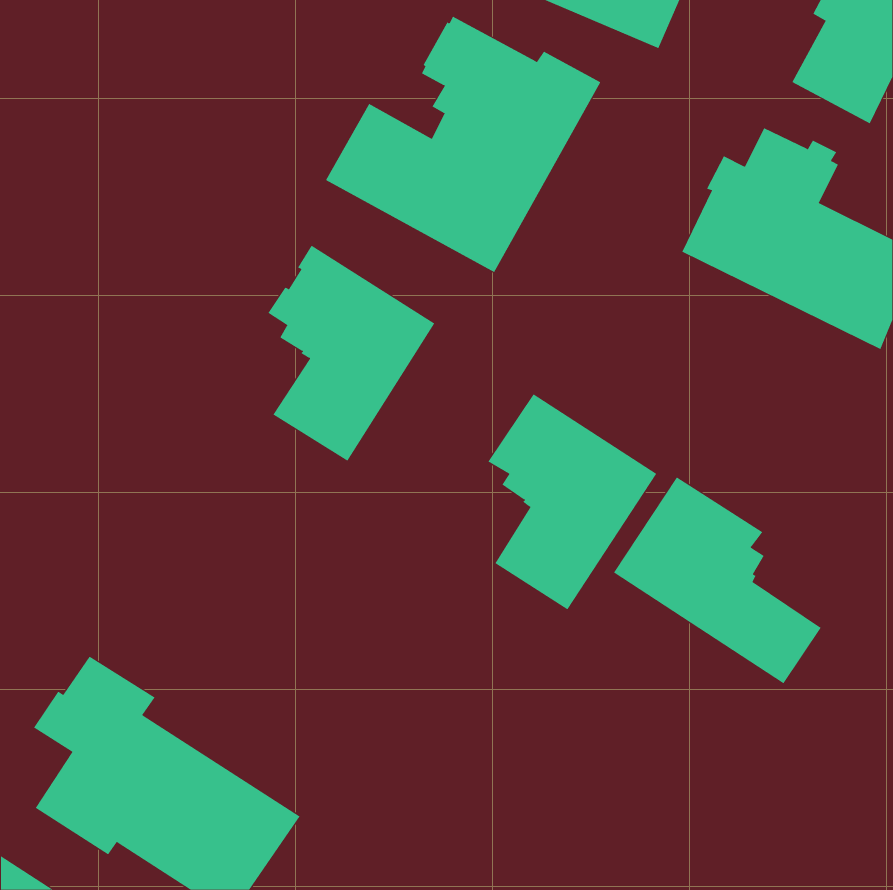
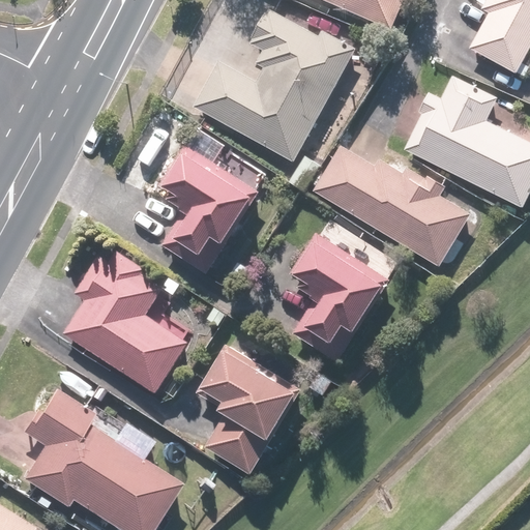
building: none -> [314,146,470,266]
building: none -> [63,252,188,392]
building: [613,476,822,684] -> none
building: none -> [196,344,300,474]

